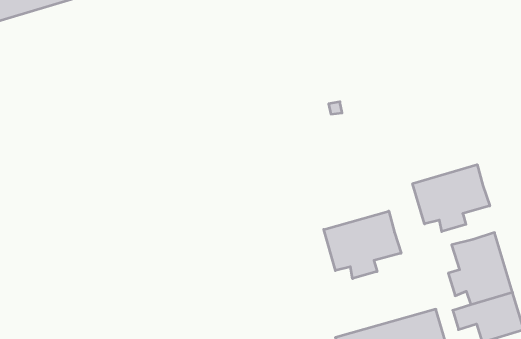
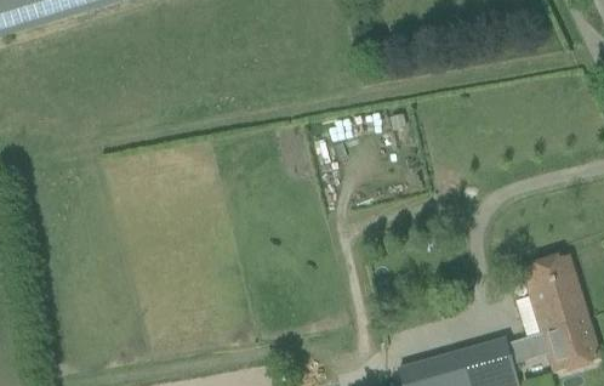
building: [413,165,490,232] -> none
building: [324,211,401,279] -> none

